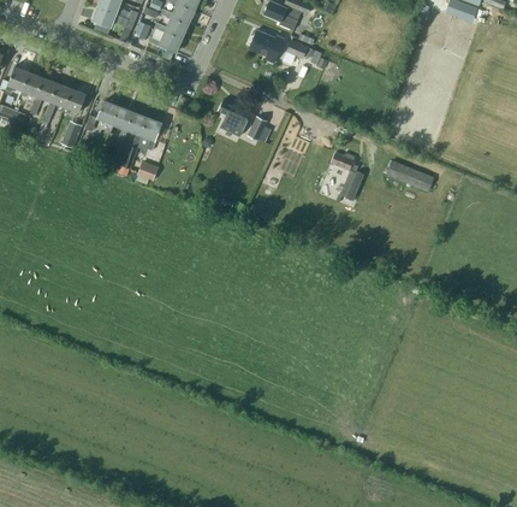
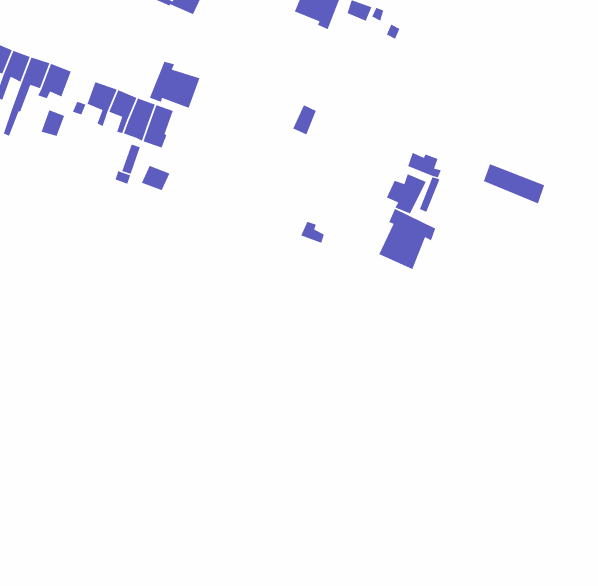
building: none -> [149,61,201,109]
building: [218,101,252,137] -> none
building: none -> [378,208,436,270]

